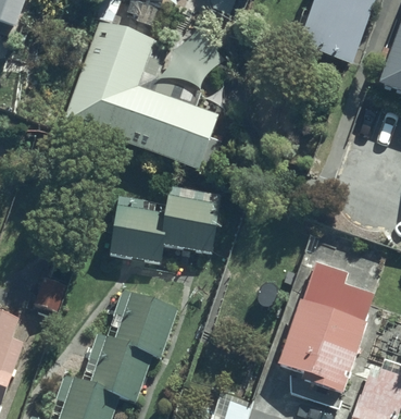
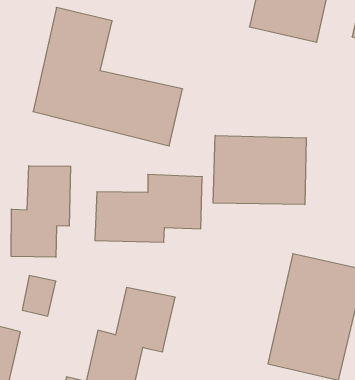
building: none -> [213,135,306,205]
building: none -> [11,166,71,257]

